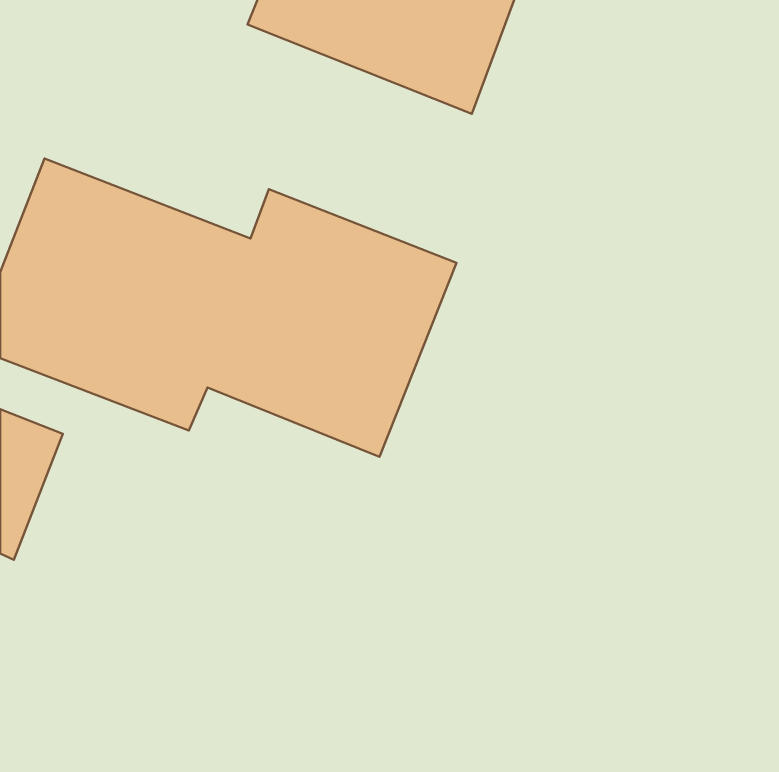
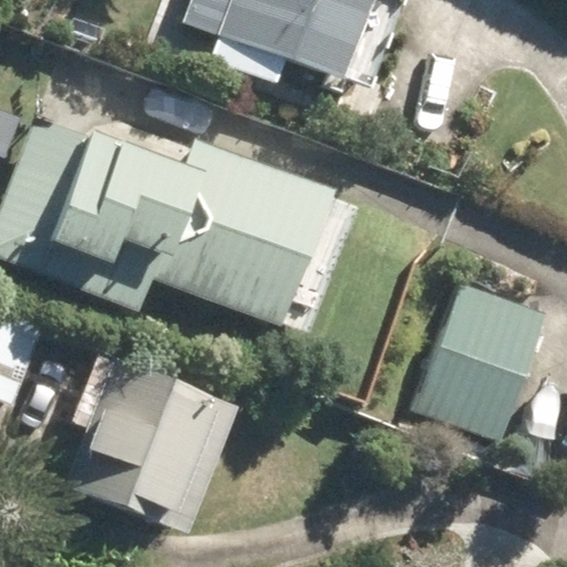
building: none -> [417,282,546,436]
building: none -> [65,358,241,536]

